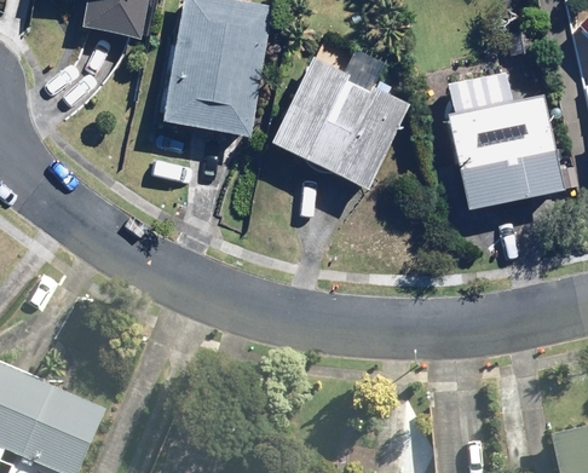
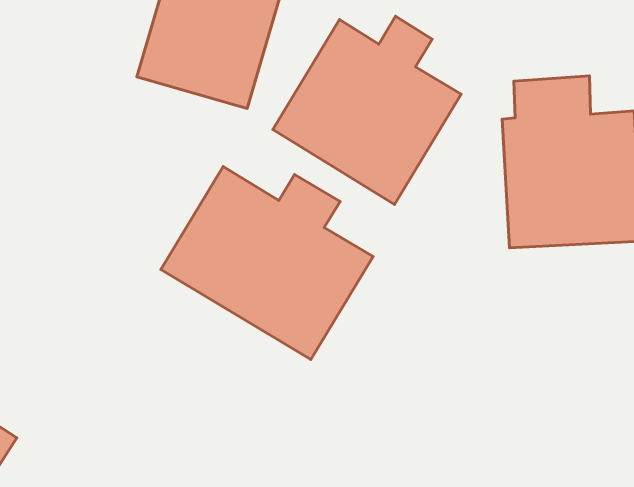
building: none -> [161,167,373,360]

